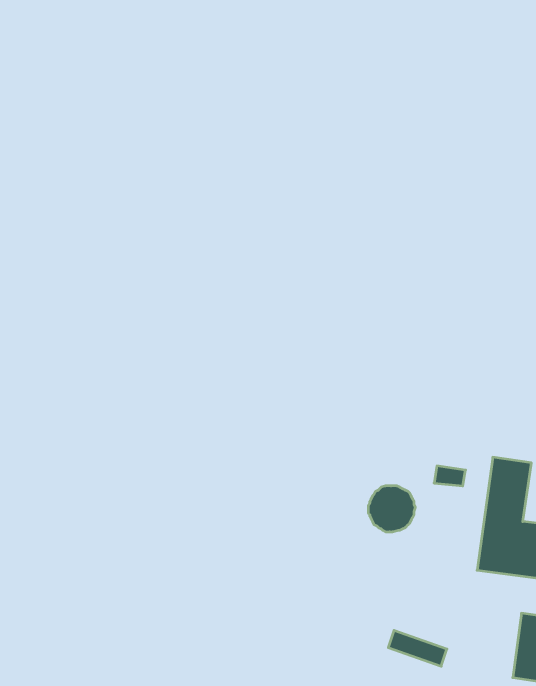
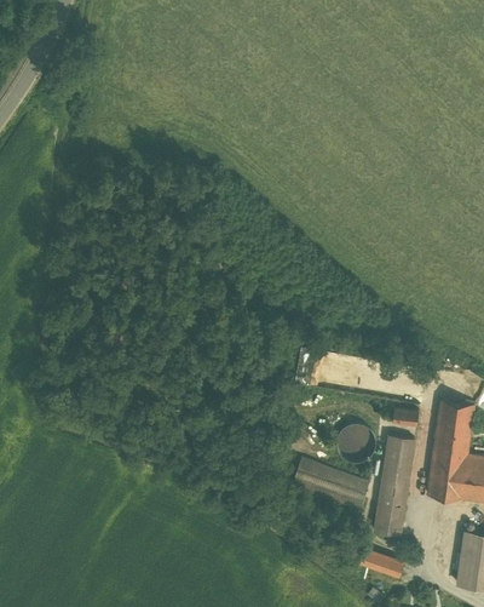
building: none -> [379,435,414,537]
building: none -> [290,459,368,510]

